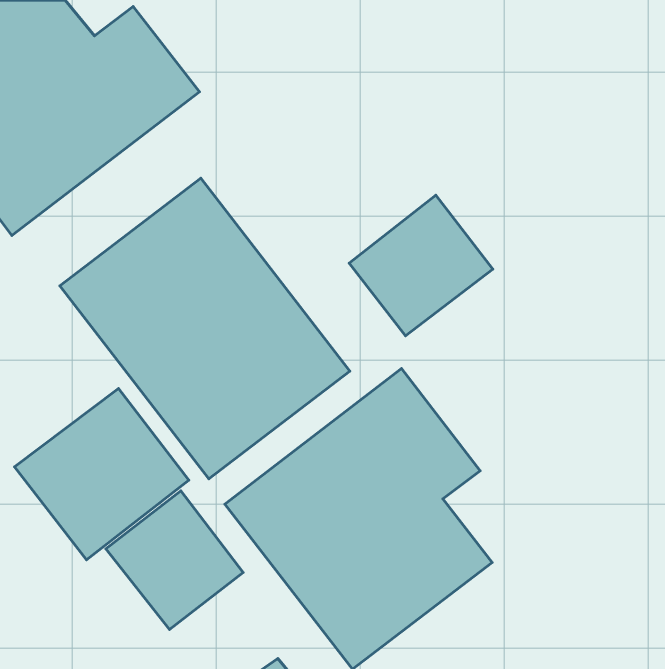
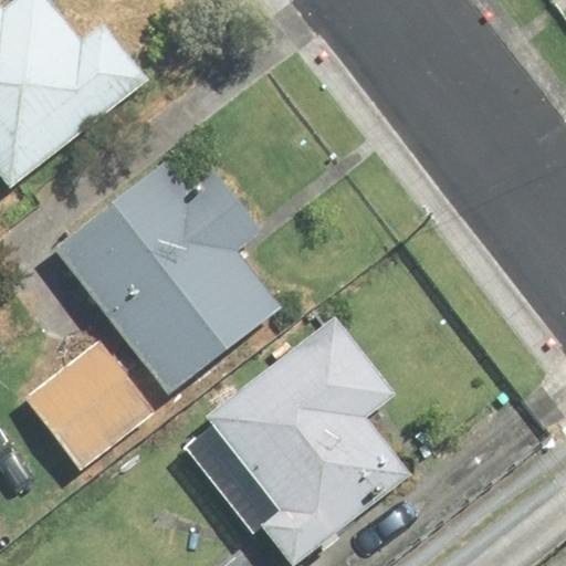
building: [349,195,493,336] -> none
building: [106,491,243,630] -> none

